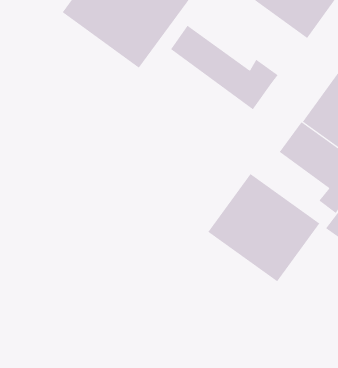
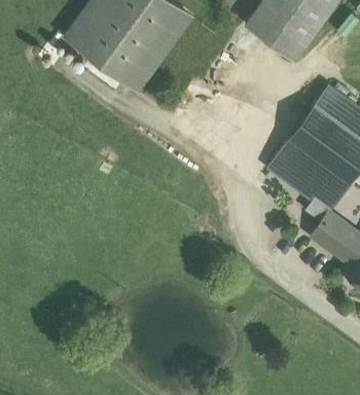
building: [170,25,279,110] -> none
building: [208,173,320,282] -> none

